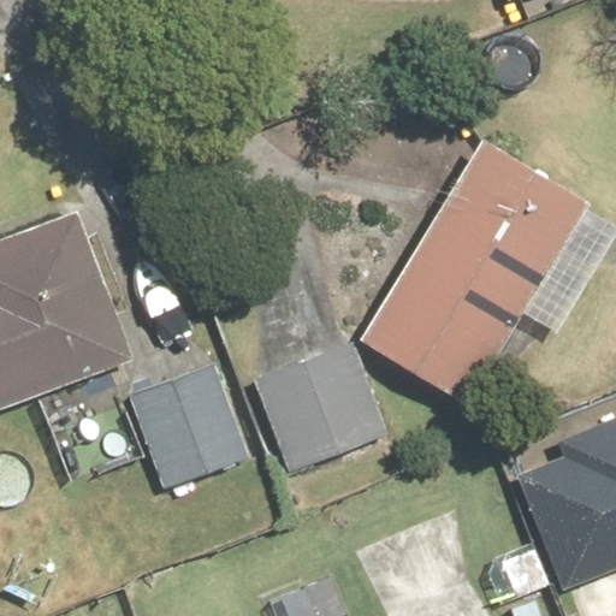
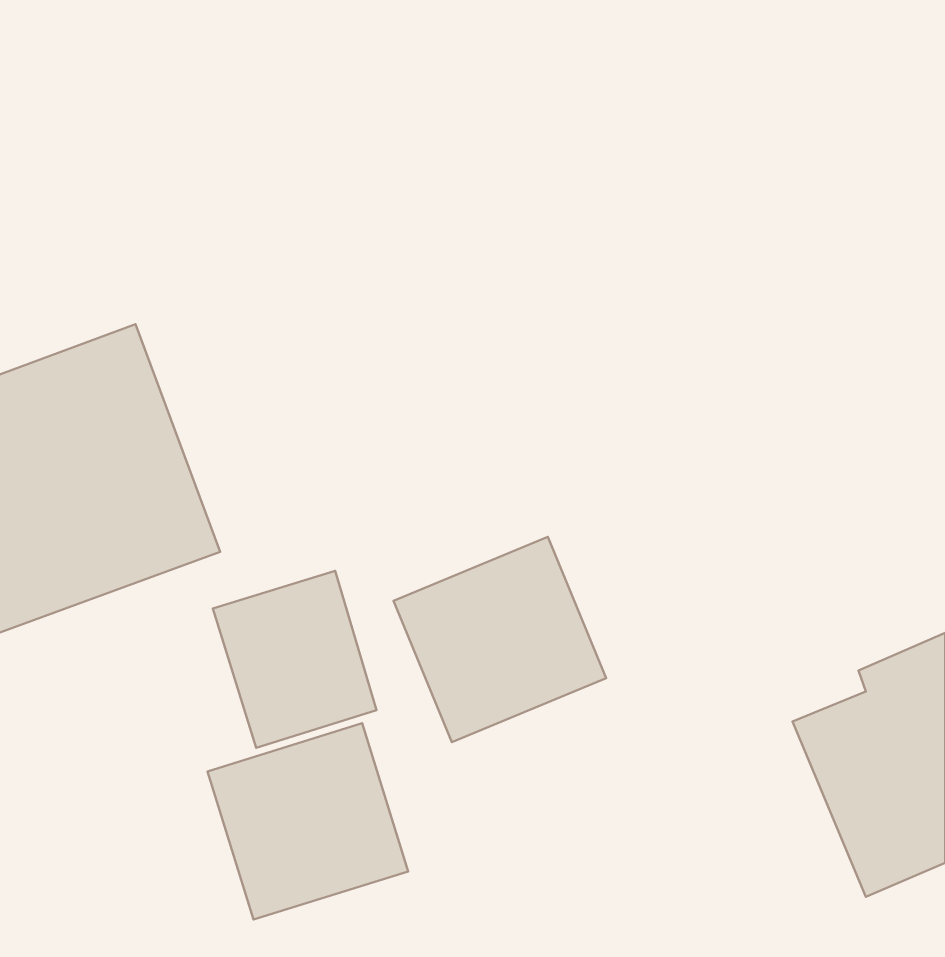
building: [367,141,591,398] -> none
building: none -> [207,723,408,920]

